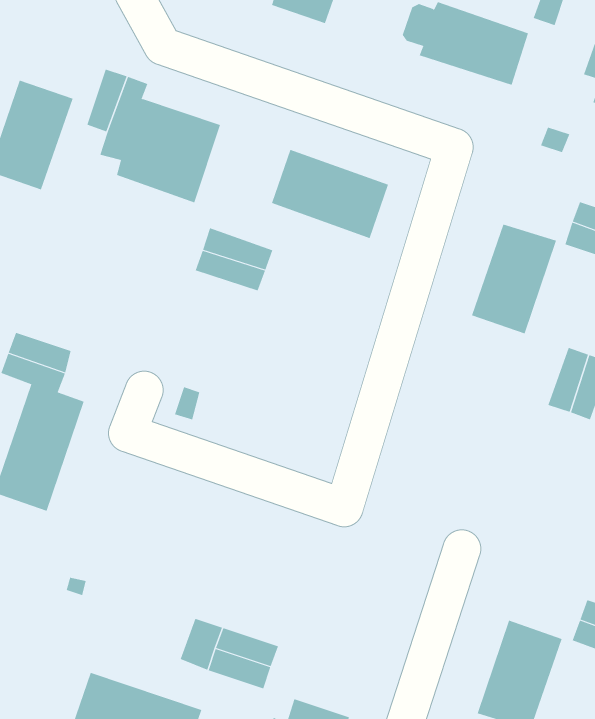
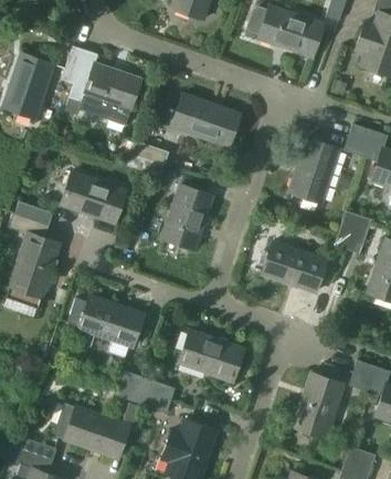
building: none -> [60,171,126,222]
building: none -> [161,184,212,249]
building: none -> [261,241,326,292]
building: none -> [67,295,144,346]
building: none -> [178,330,243,381]

